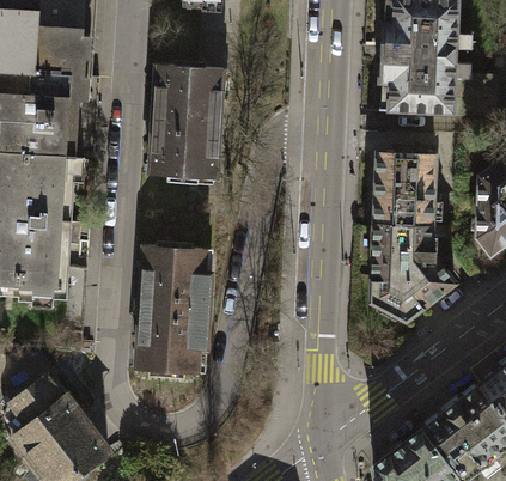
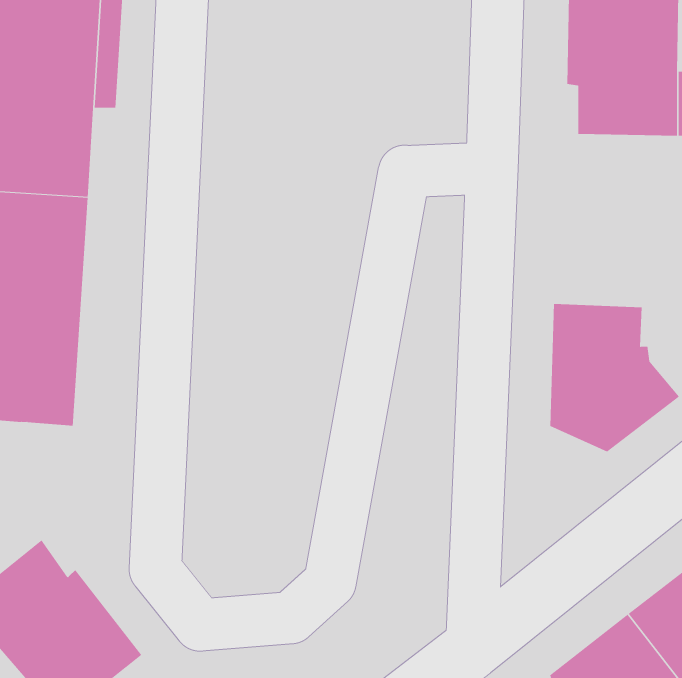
building: [150,67,222,177] -> none
building: [373,154,433,226] -> none
building: [136,246,211,371] -> none

